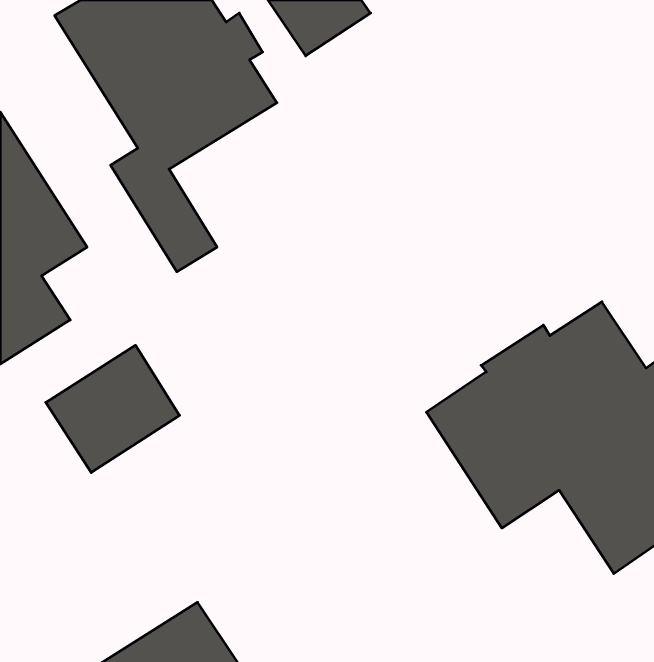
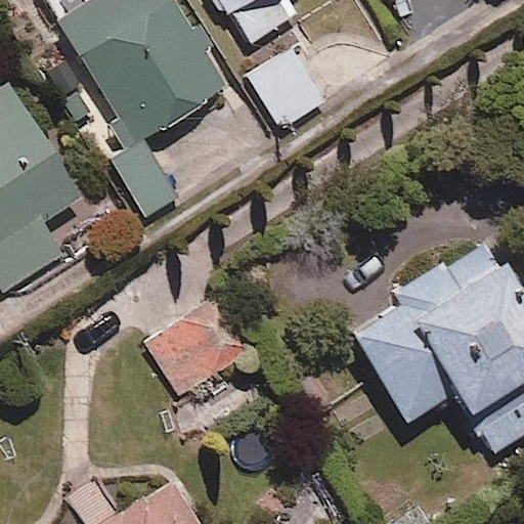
building: none -> [248,46,326,128]
building: [46,345,180,473] -> [148,295,254,395]

